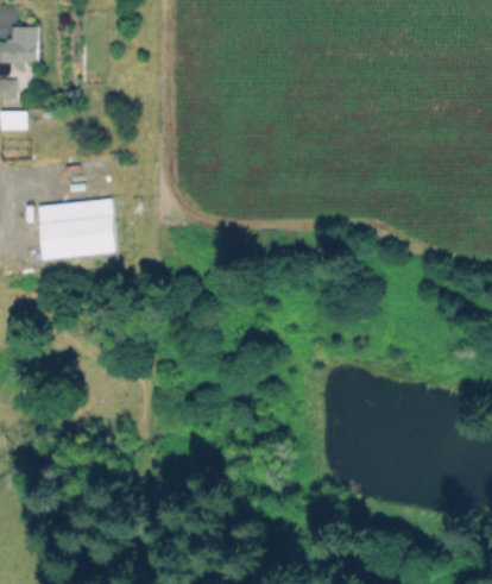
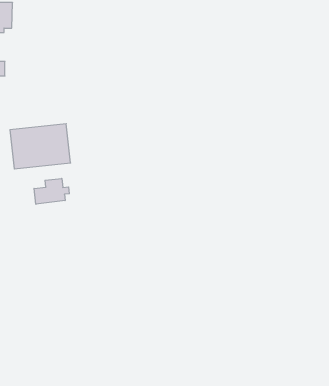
building: none -> [34,178,69,204]

